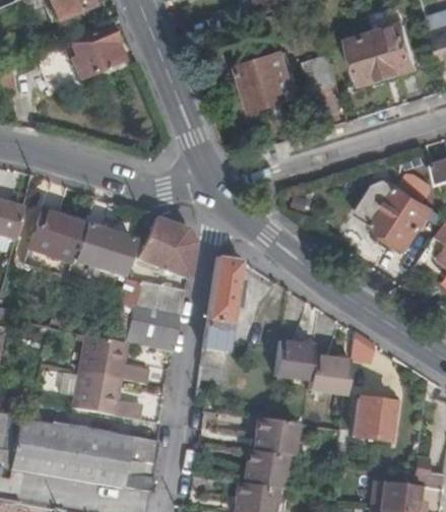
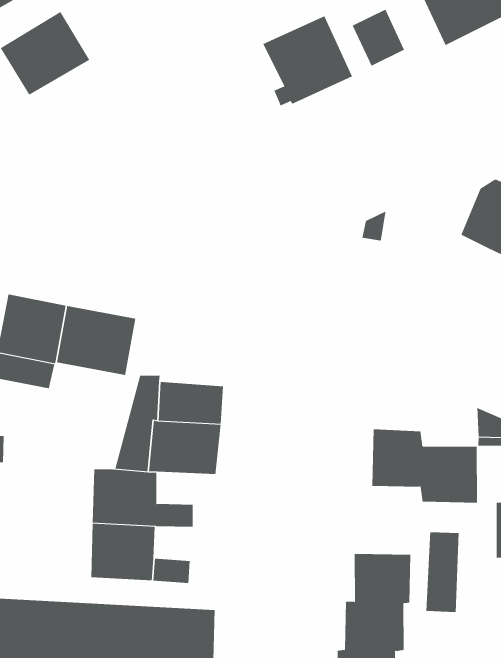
building: [140,218,194,279] -> none
building: [197,255,243,378] -> none
building: none -> [426,532,459,613]

